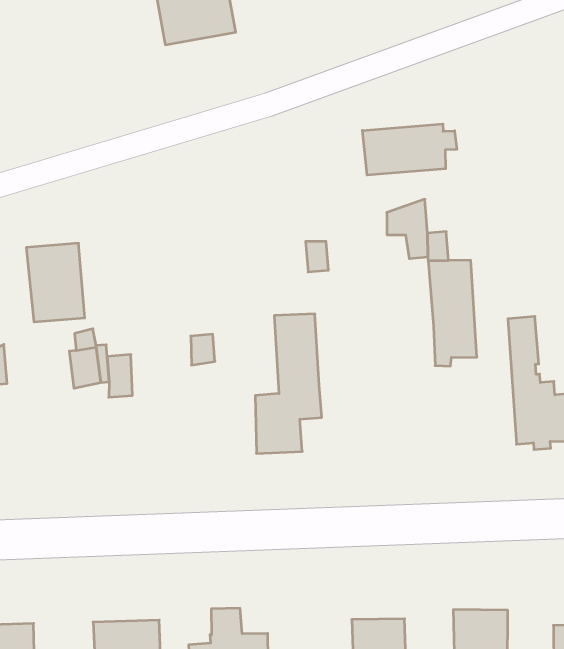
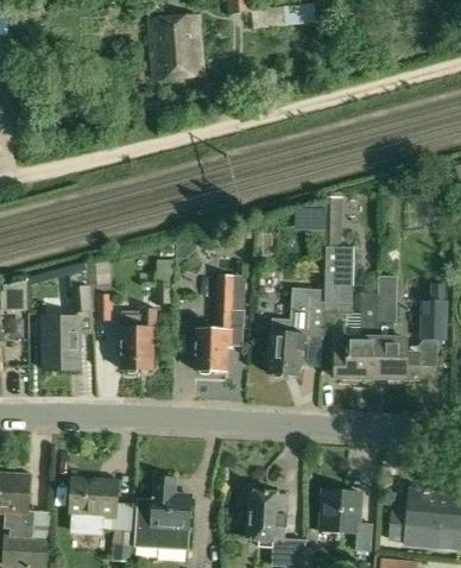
building: [362,124,457,175] -> none
building: [26,243,85,322] -> [43,317,80,370]
building: none -> [335,292,378,378]
building: none -> [264,289,326,377]
building: none -> [121,308,157,370]

